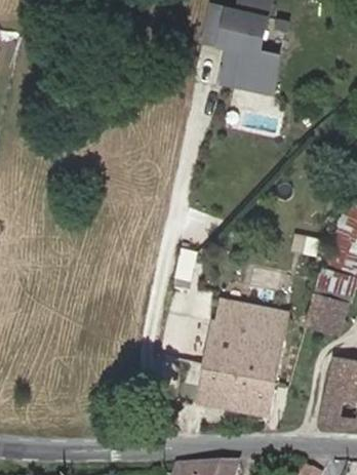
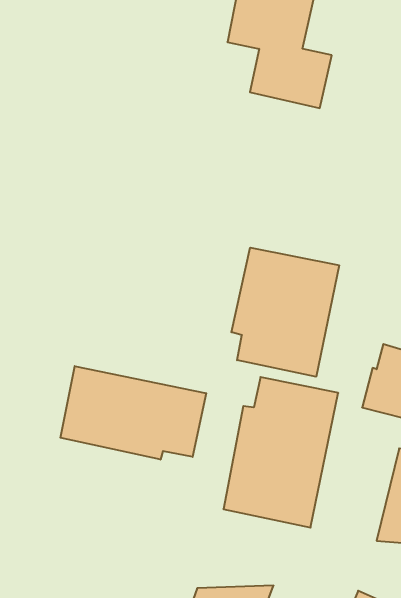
building: none -> [231,248,339,377]
building: none -> [60,366,206,460]

